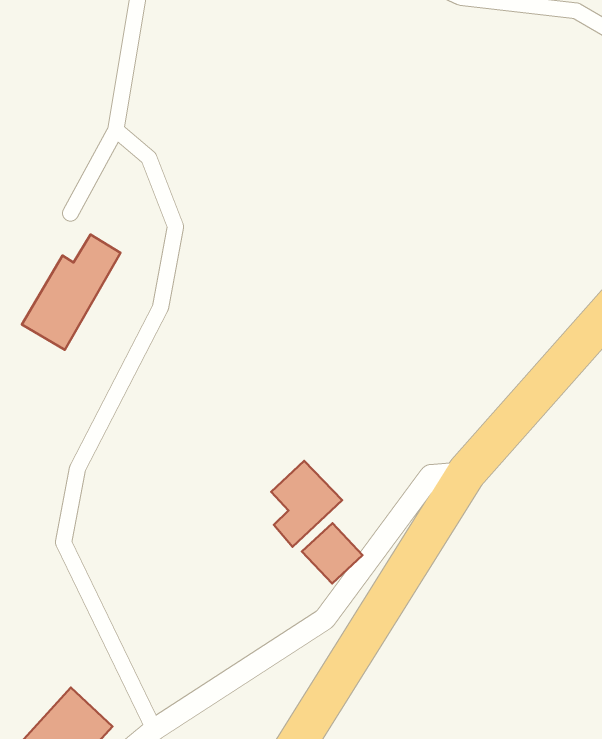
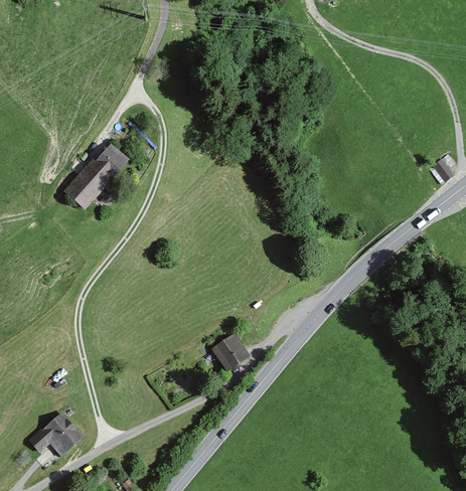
building: [271,461,342,547] -> none

